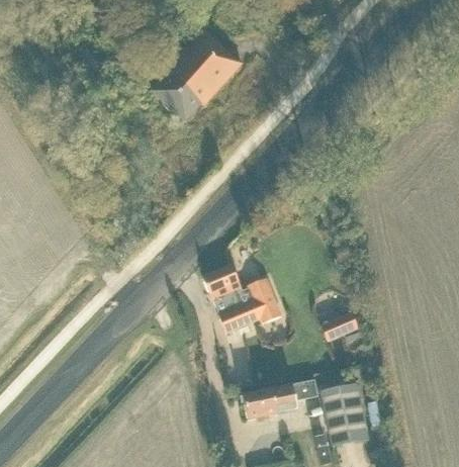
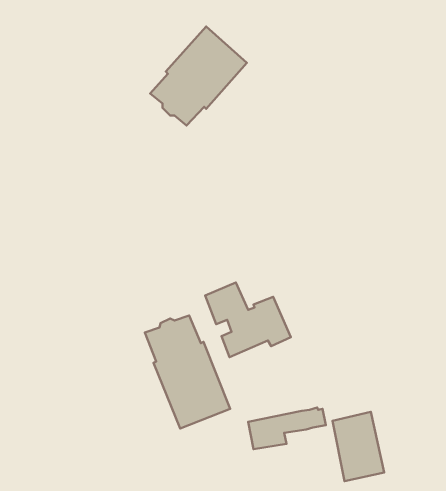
building: none -> [145,315,230,429]
building: [322,312,358,341] -> none

